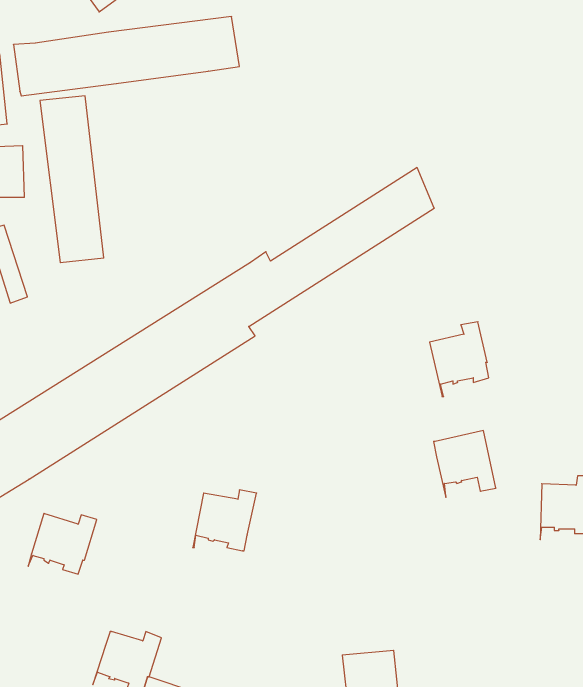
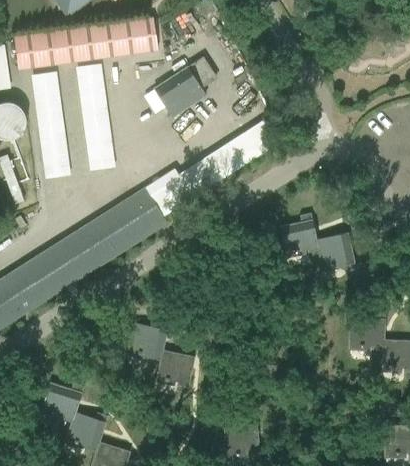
building: none -> [153,57,216,117]
building: none -> [77,61,113,168]
building: [434,431,496,497] -> [315,233,355,276]
building: [28,513,97,574] -> [39,383,83,422]
building: none -> [154,351,194,394]

